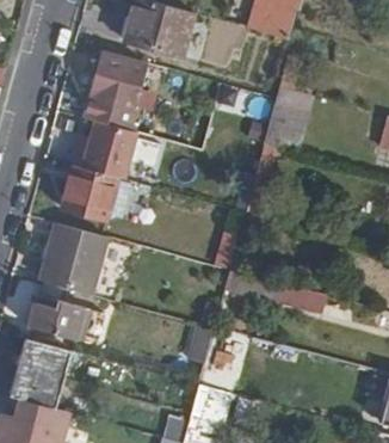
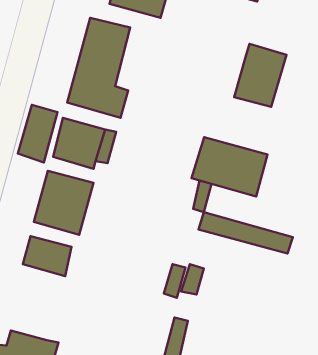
building: none -> [18,105,58,163]
building: none -> [192,137,268,196]
building: [8,338,70,410] -> none

